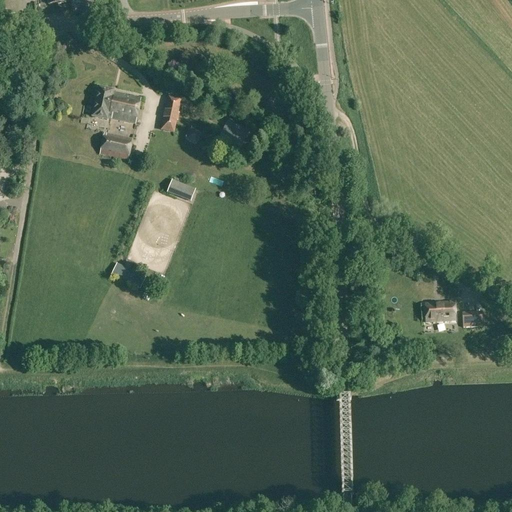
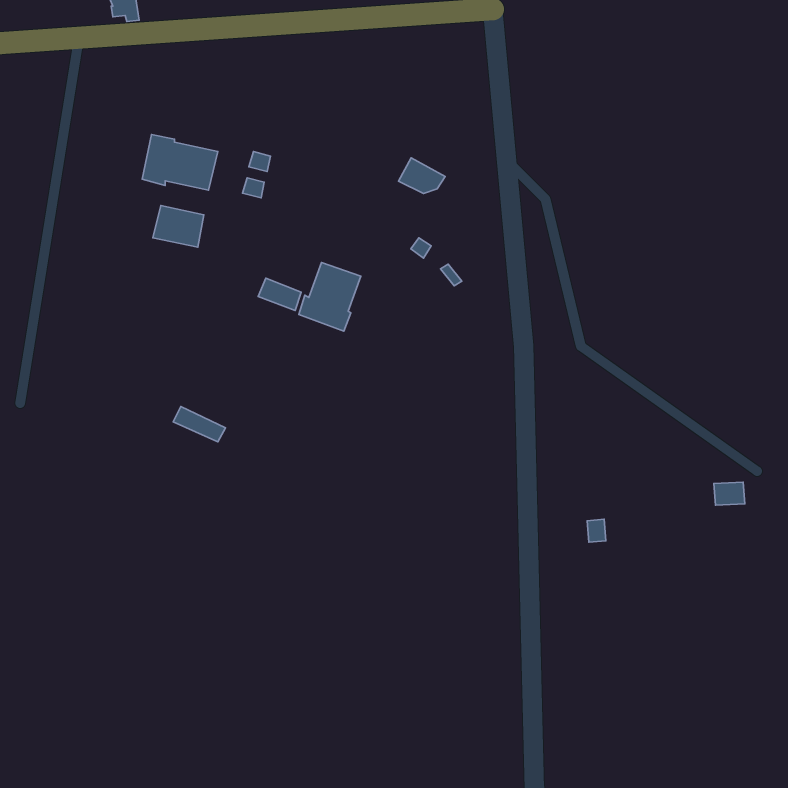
building: [220,120,250,143] -> [399,158,445,194]
building: none -> [299,263,361,331]
building: [425,302,456,322] -> none

